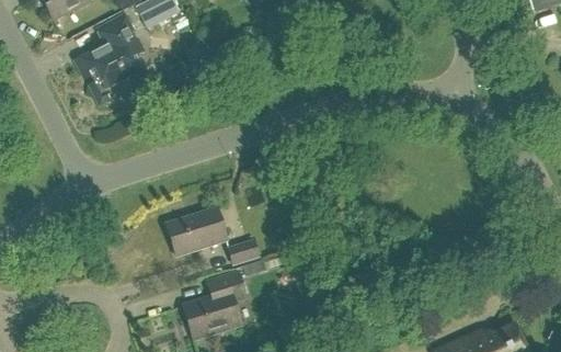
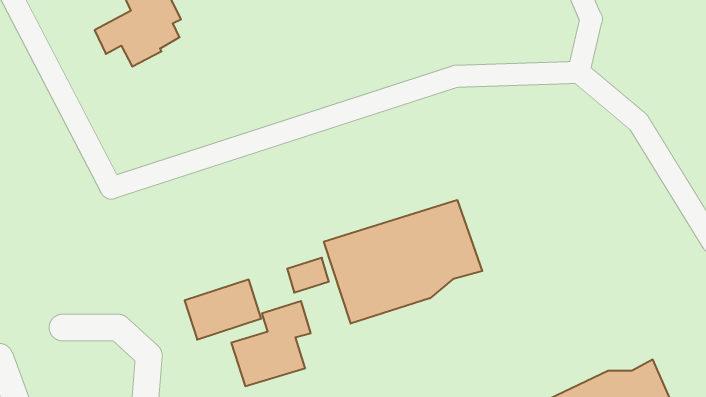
building: none -> [324,200,482,324]
building: [165,208,226,256] -> [185,280,261,340]

